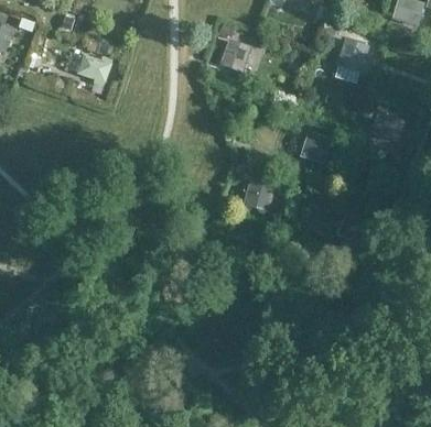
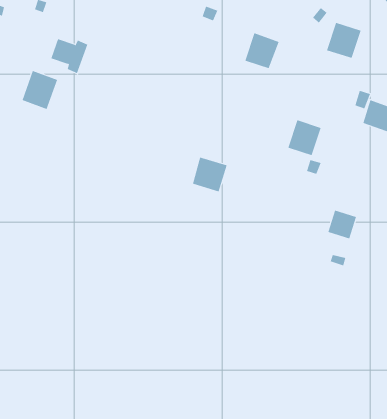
building: [219,39,252,73] -> [244,33,280,69]
building: none -> [22,70,58,110]
building: [243,179,276,212] -> [192,157,228,192]

